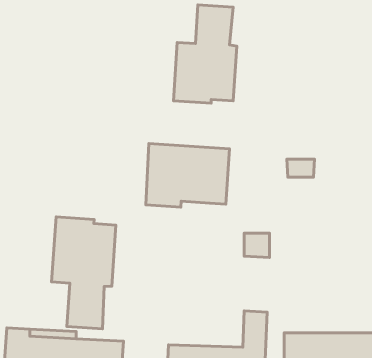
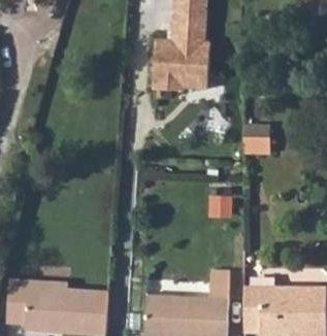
building: [146,144,229,207] -> none
building: [52,217,116,329] -> none

